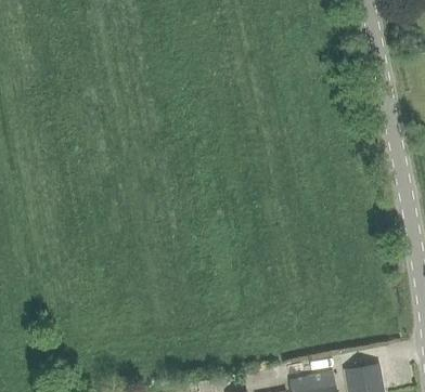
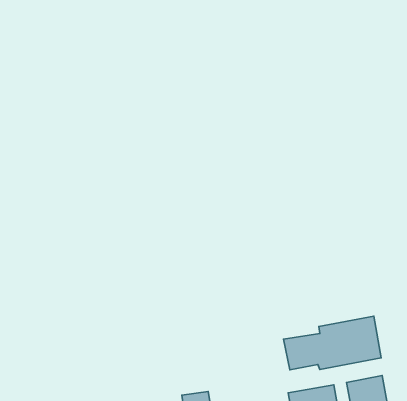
building: none -> [284,316,381,370]

